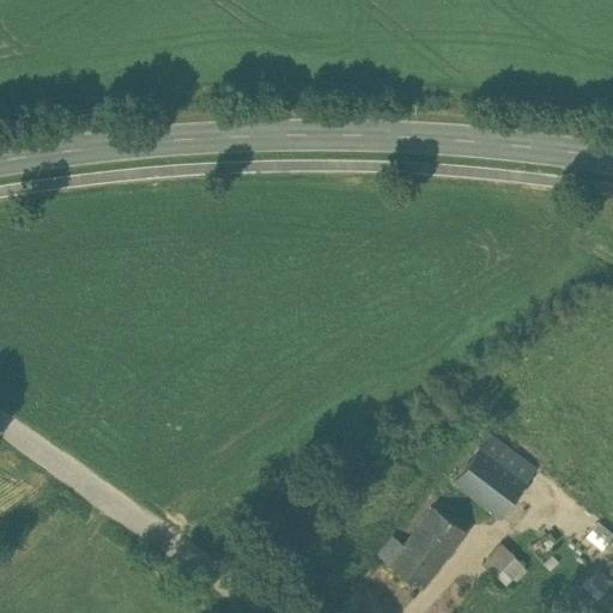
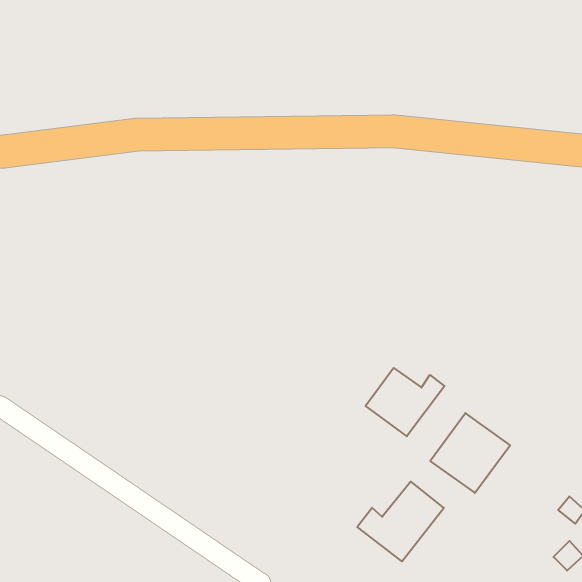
building: none -> [366,368,444,436]
building: [482,545,528,590] -> none

